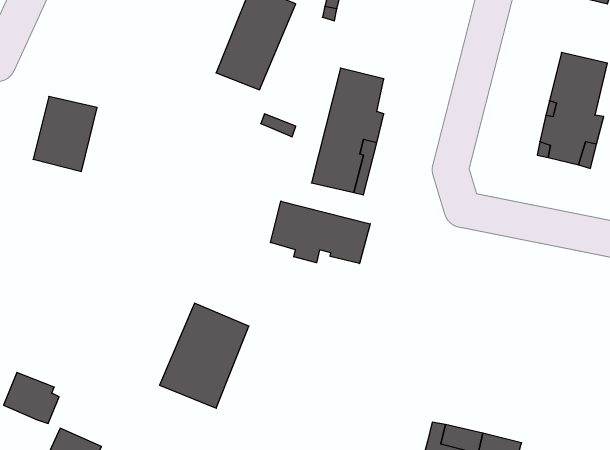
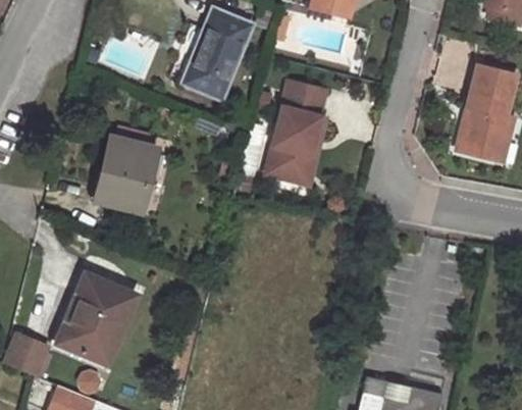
building: [33,96,97,171] -> [99,141,153,204]
building: [270,201,370,264] -> none
building: [160,303,249,408] -> [62,275,138,364]

